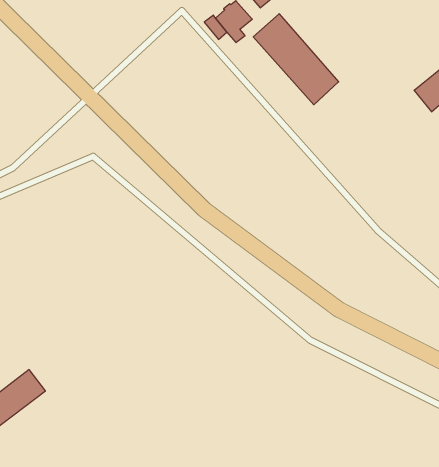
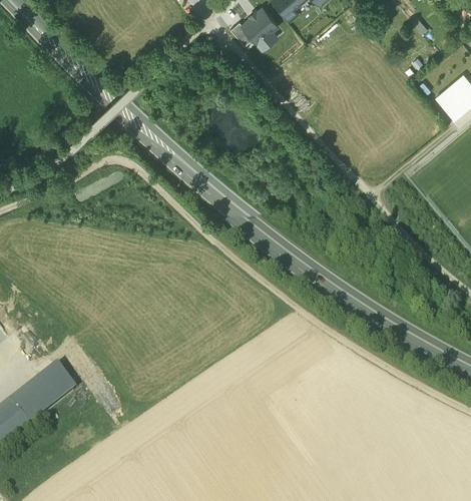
building: [253,14,339,105] -> none

